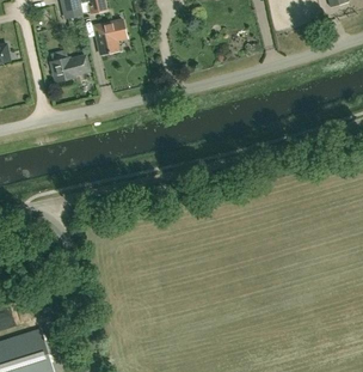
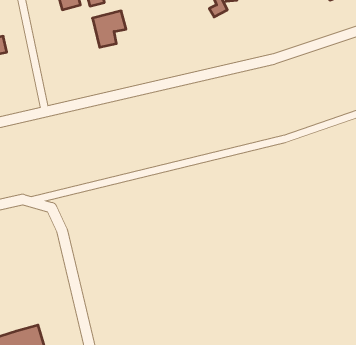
building: [50,54,90,81] -> none

